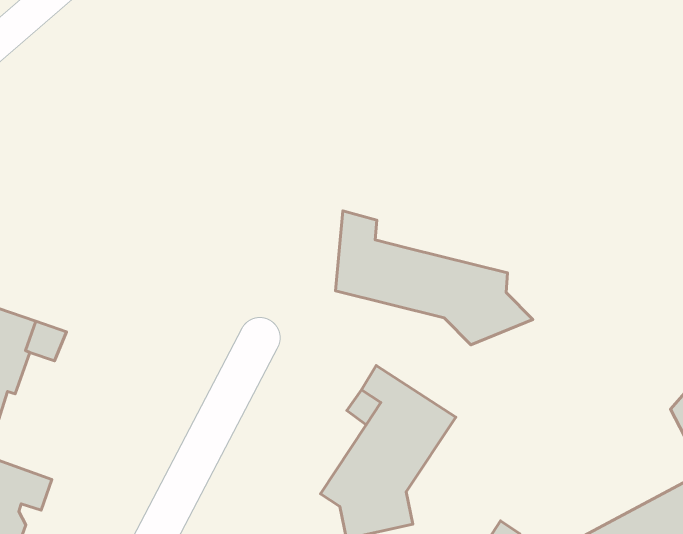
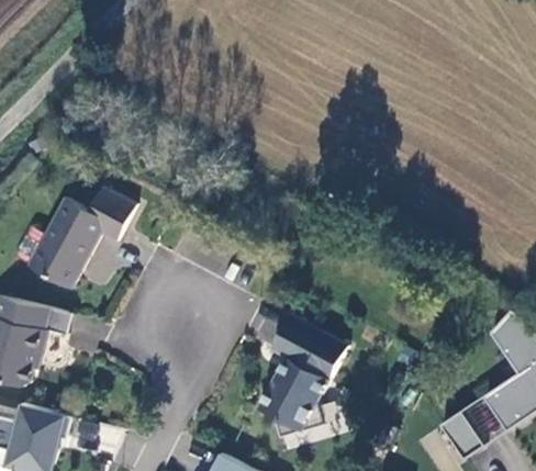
building: none -> [29,187,137,288]
building: [336,211,533,345] -> none

